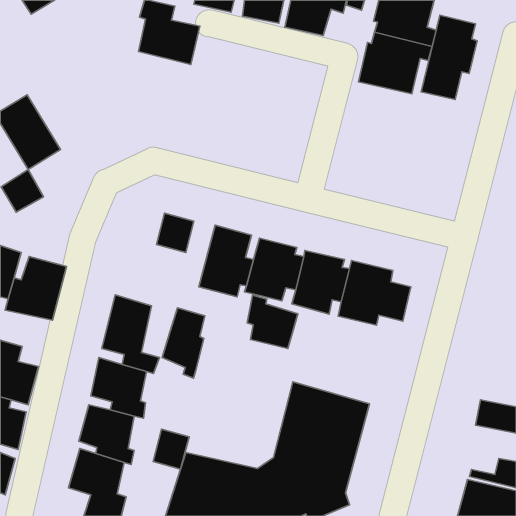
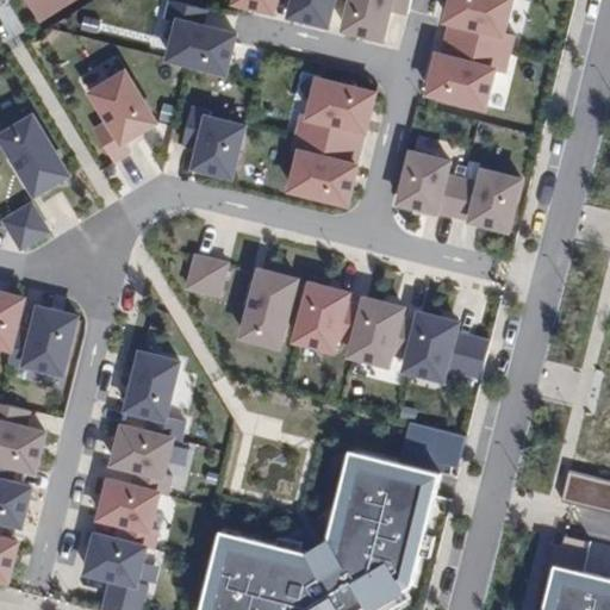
building: [421,15,477,100] -> none
building: none -> [83,68,157,163]
building: none -> [284,76,374,208]
building: none -> [182,105,243,182]
building: none -> [394,150,524,234]
building: [247,295,298,348] -> none
building: [162,308,205,378] -> none
building: none -> [400,421,466,471]
building: [153,429,189,469] -> none

